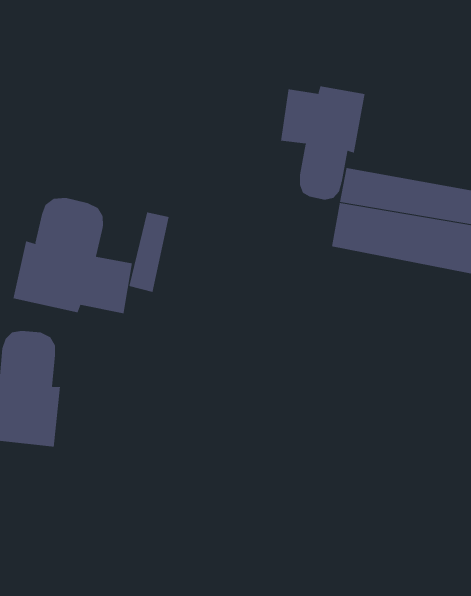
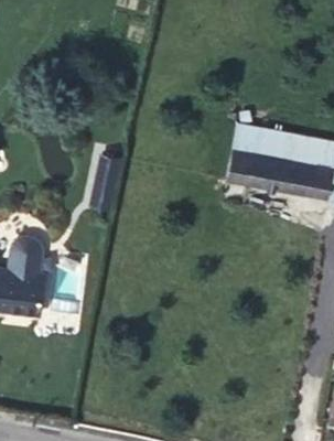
building: [280,85,365,201] -> none
building: [13,197,132,314] -> none

